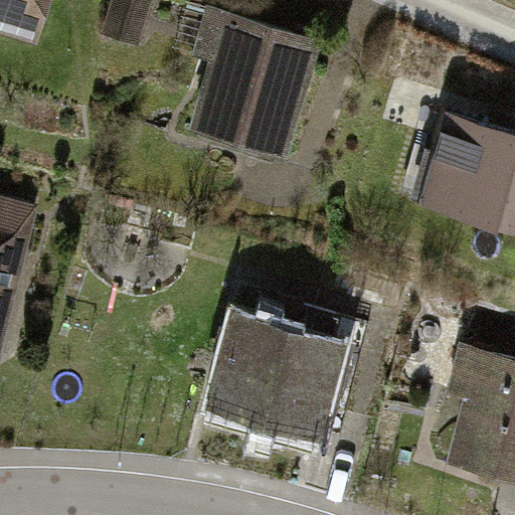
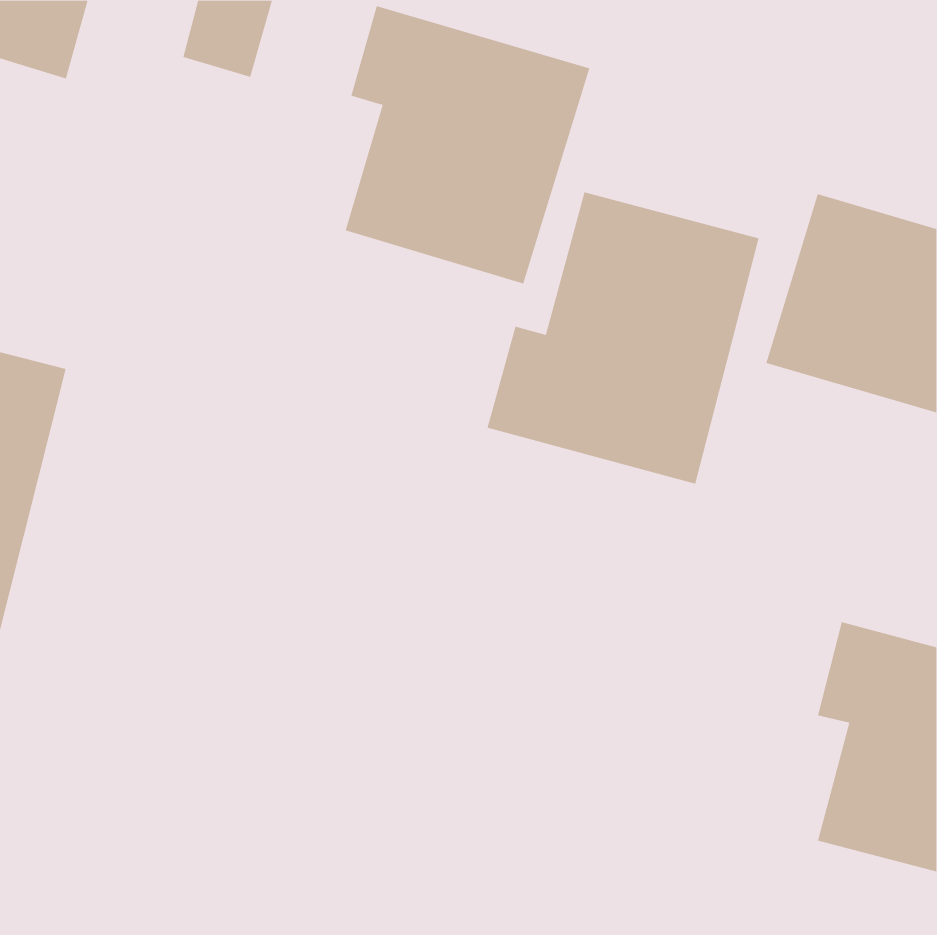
building: none -> [487,192,759,484]
building: [204,303,367,447] -> none

